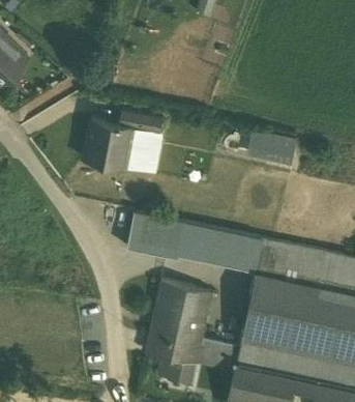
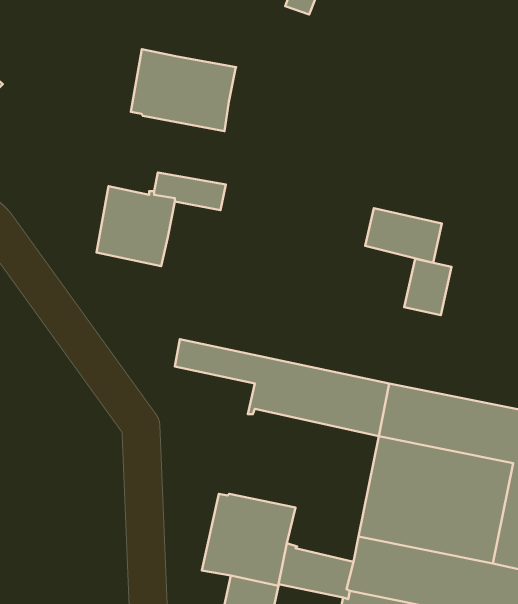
building: none -> [131,49,236,131]
building: [126,131,158,157] -> none
building: none -> [404,259,452,315]
building: [126,231,179,260] -> none
building: [155,282,209,317] -> none

